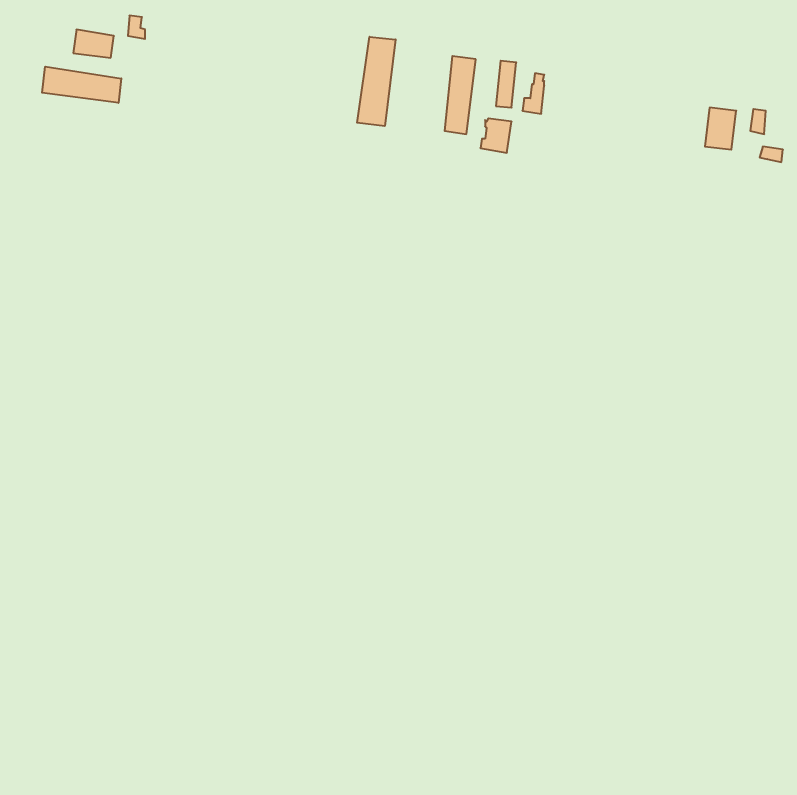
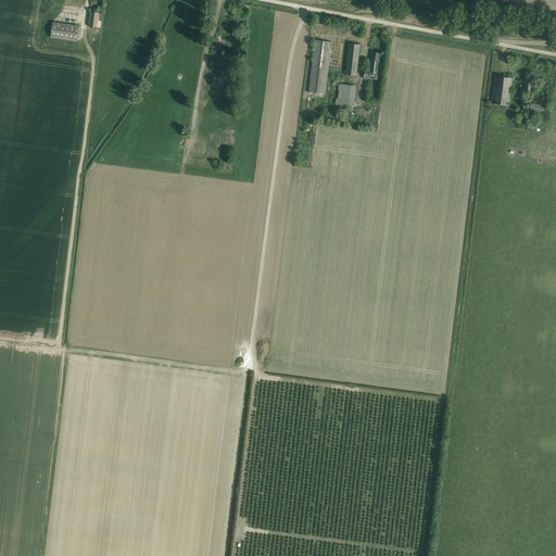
building: [357,37,396,126] -> none
building: [42,67,121,103] -> none

